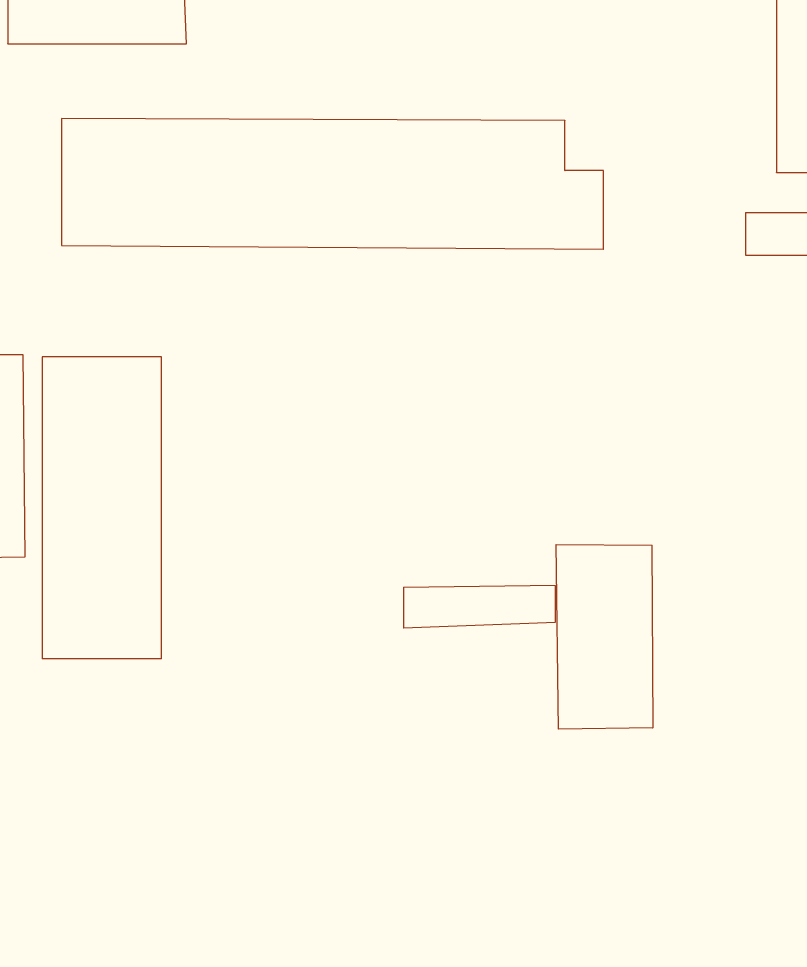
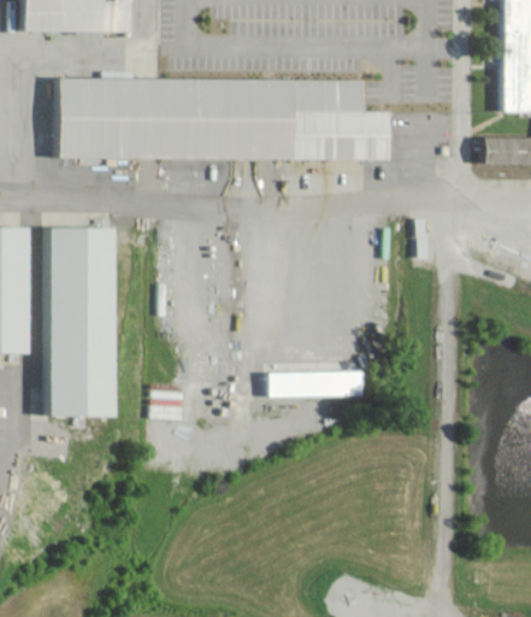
building: [556,545,653,729] -> none

